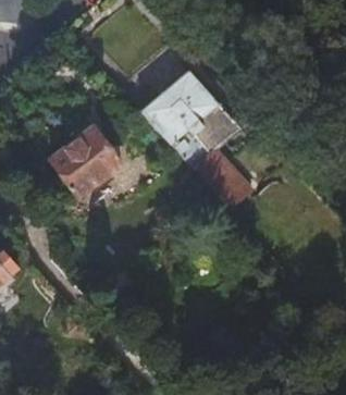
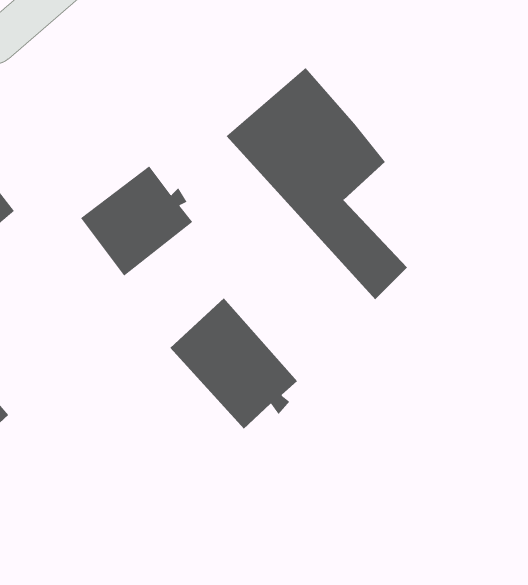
building: none -> [170,297,298,429]

